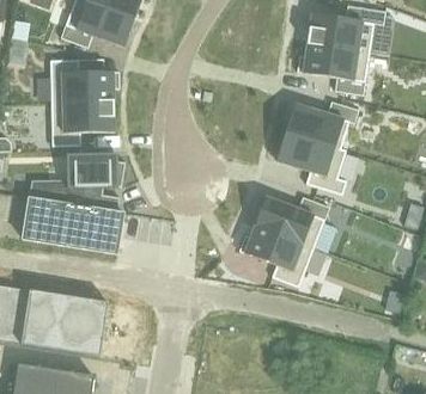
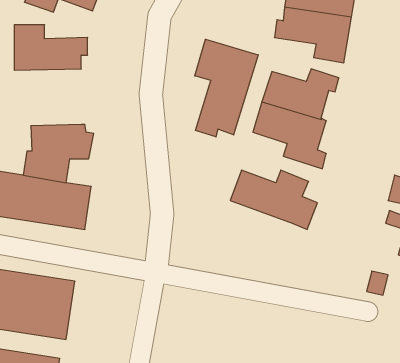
building: none -> [195,39,258,137]
building: [50,100,115,144] -> none
building: [238,224,314,287] -> none

